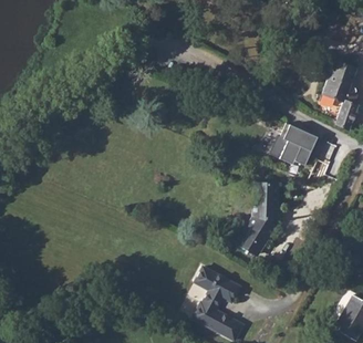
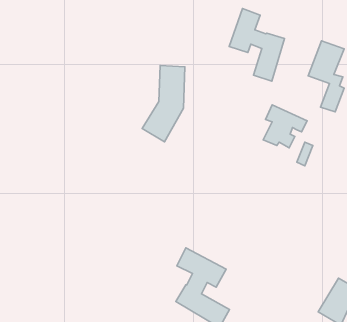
building: none -> [229,9,284,81]
building: [235,181,277,257] -> [142,66,185,142]

